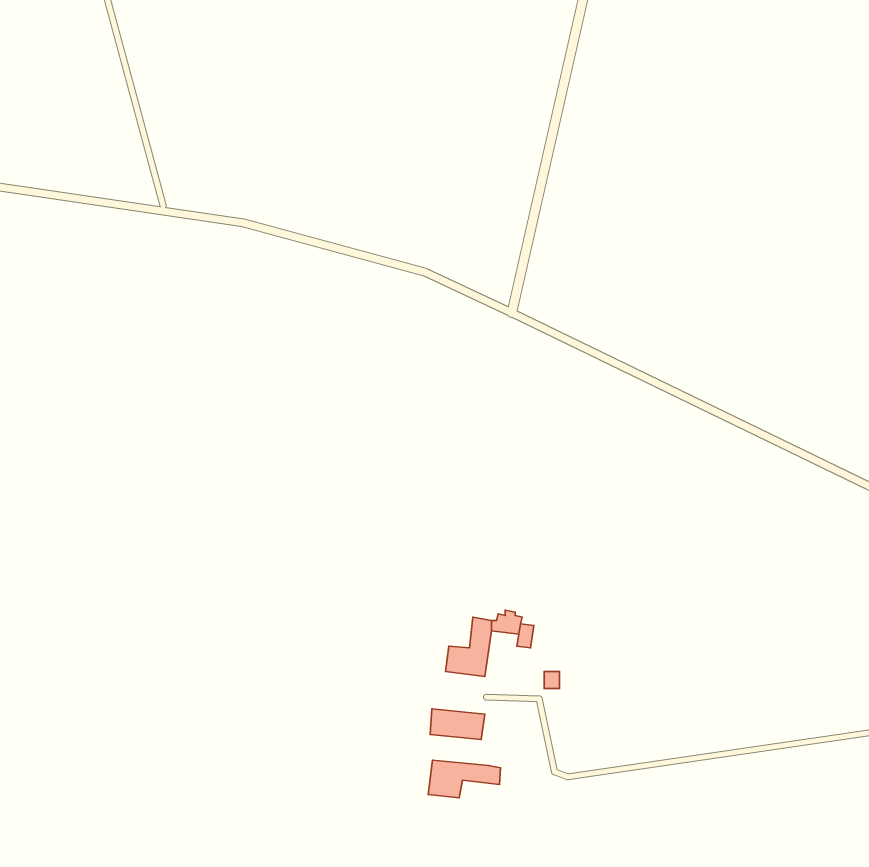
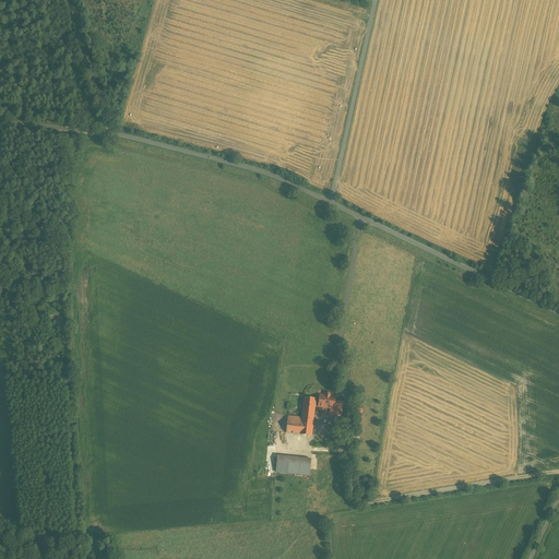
building: [428,760,500,798] -> none

